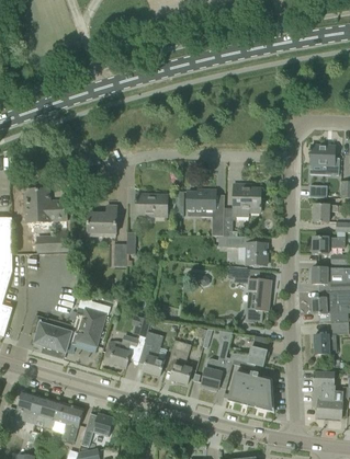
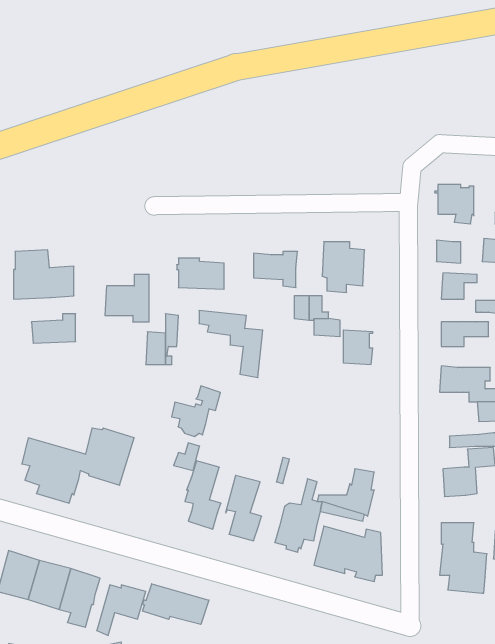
building: [228,266,271,311] -> [199,311,263,378]
building: [312,290,338,313] -> none
building: [105,334,138,368] -> [172,386,220,436]
building: none -> [143,584,209,624]

